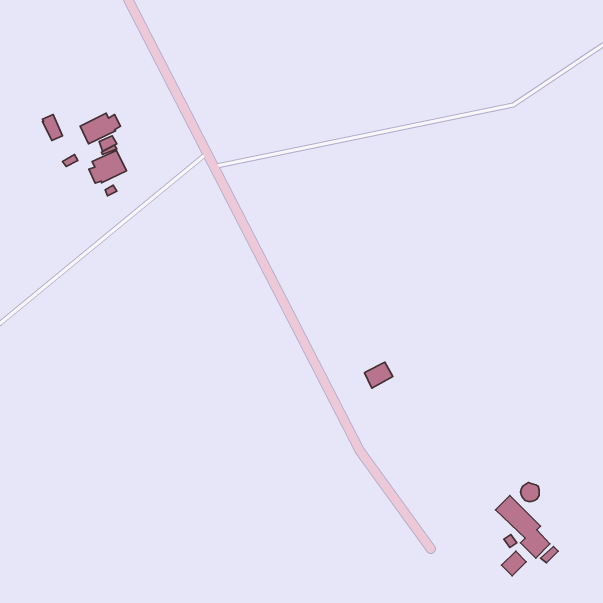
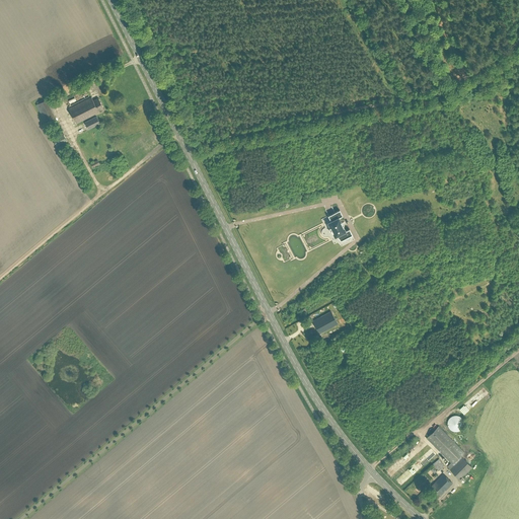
building: [89,150,127,183] -> none
building: none -> [327,210,352,240]

